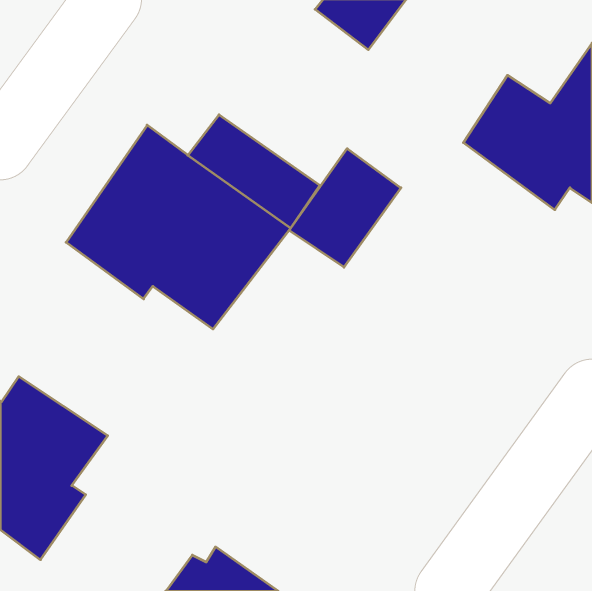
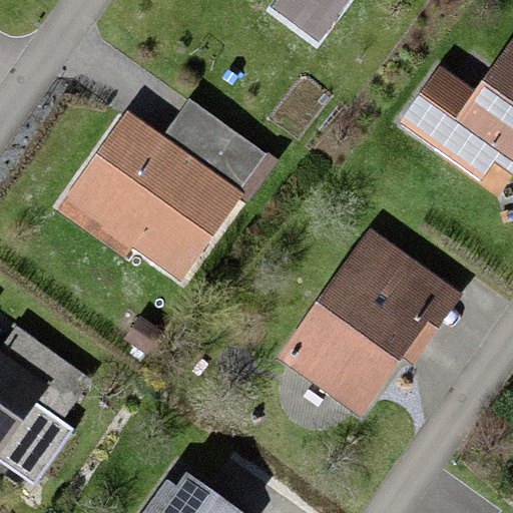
building: [289,149,401,267] -> none
building: none -> [280,225,463,416]

